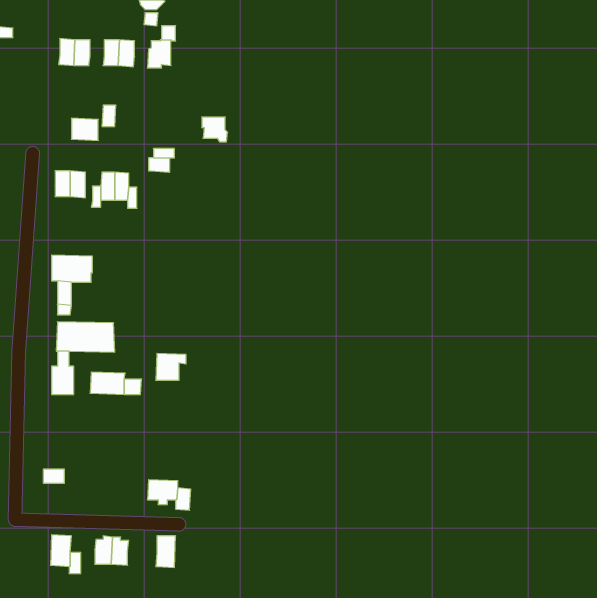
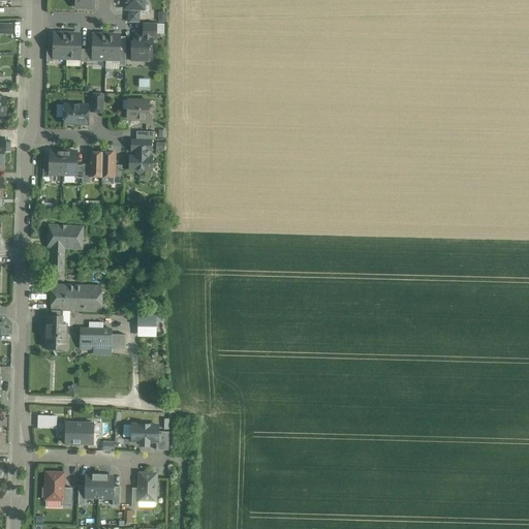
building: [202,117,228,142] -> [127,100,150,122]
building: none -> [129,151,151,175]
building: none -> [65,423,92,444]

